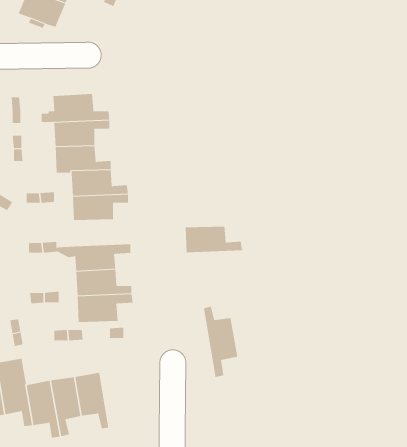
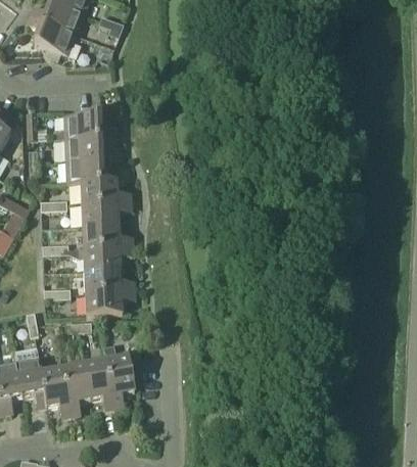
building: [185,226,243,253] -> [82,225,133,248]
building: [203,306,238,378] -> [103,345,134,409]

